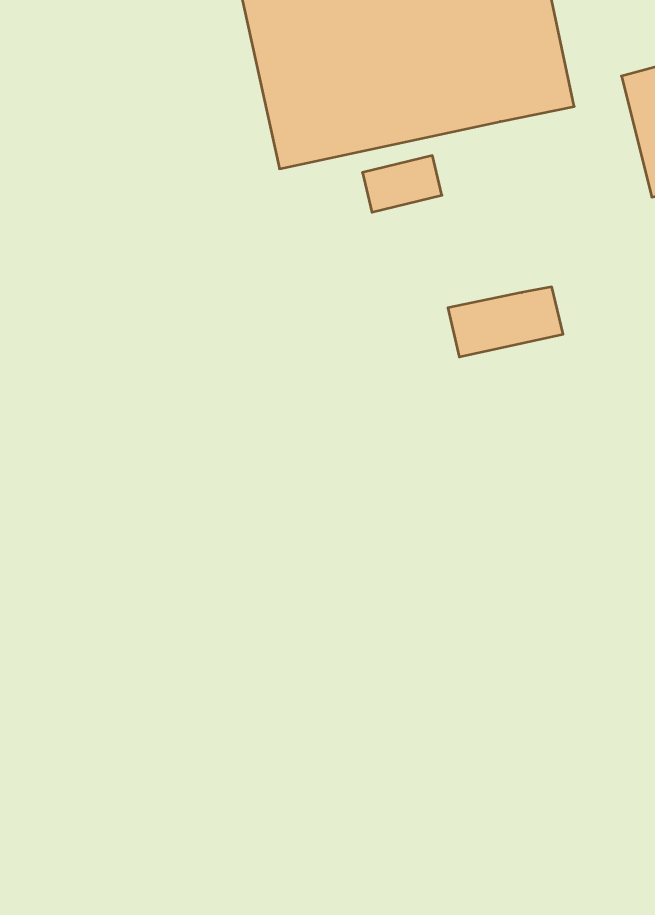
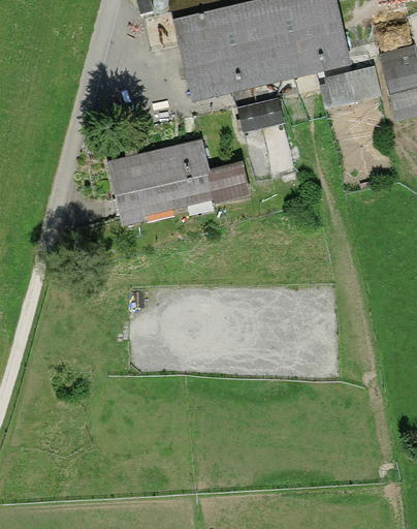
building: none -> [108,139,253,218]
building: [448,287,563,357] -> [314,67,377,105]

